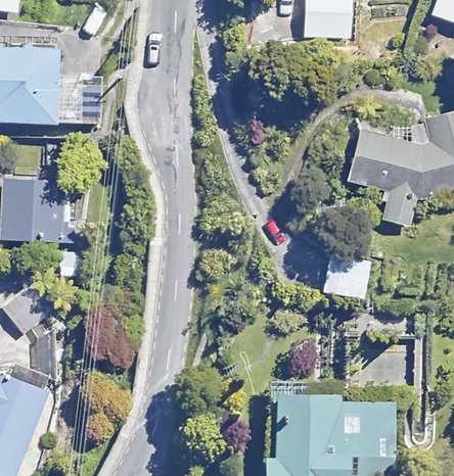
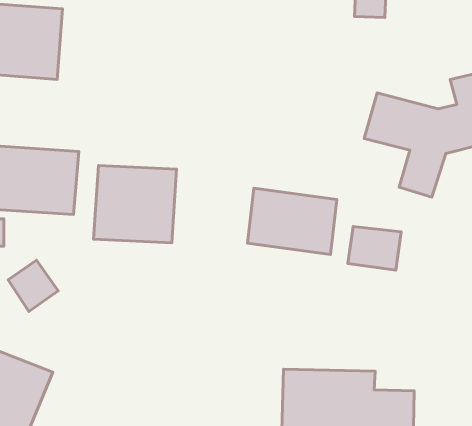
building: none -> [94,165,176,243]
building: none -> [248,188,337,255]

